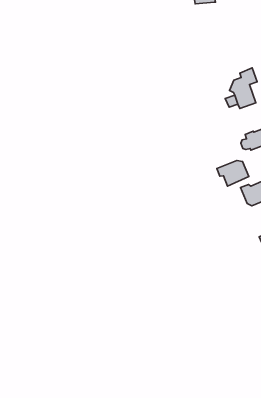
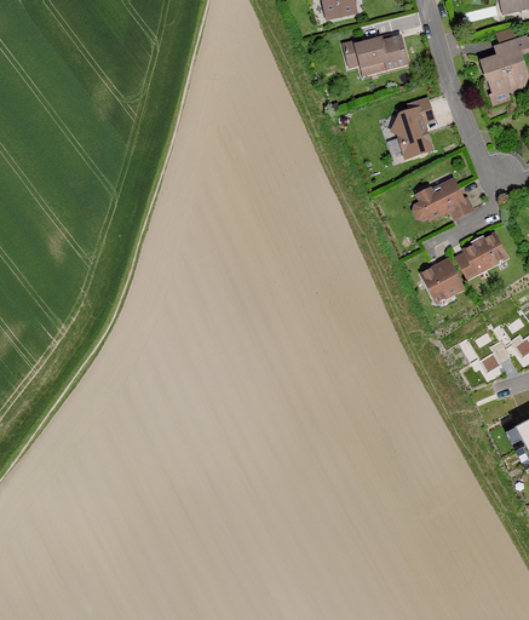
building: none -> [344,36,407,69]
building: [217,160,249,186] -> none

